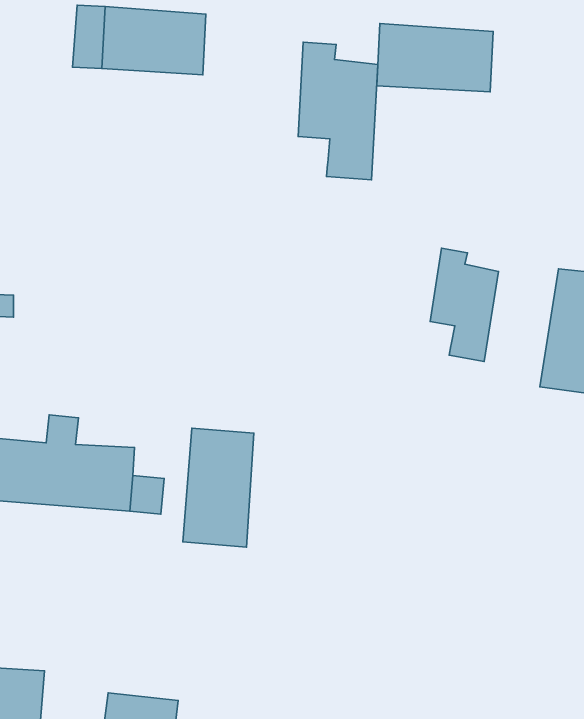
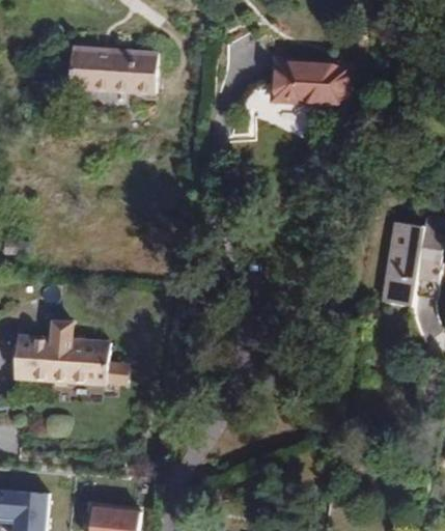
building: [298,42,378,180] -> none
building: [430,248,498,362] -> none
building: [183,428,254,547] -> none

